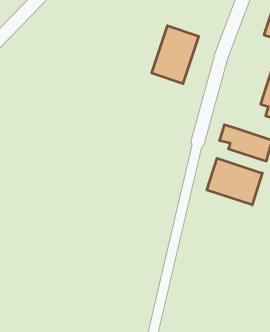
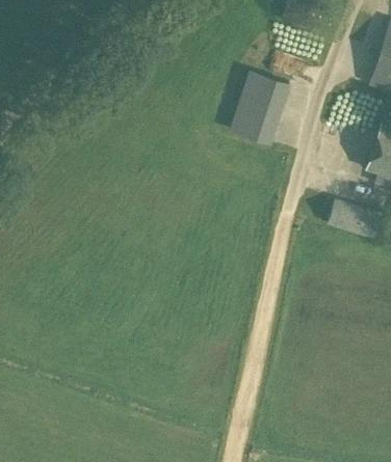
building: [207,158,262,205] -> none

